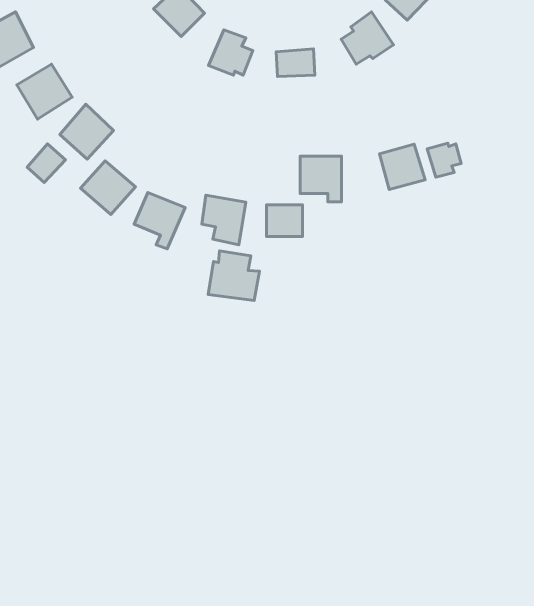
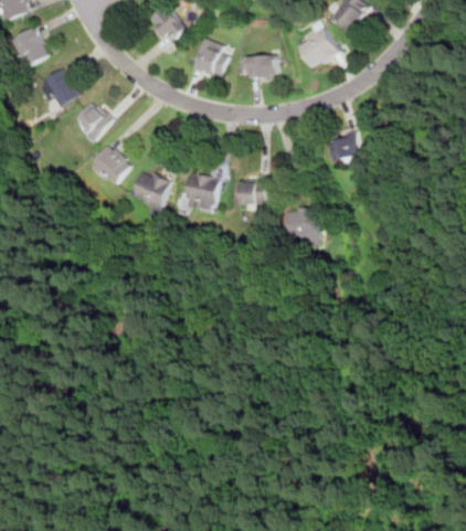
building: [427,143,461,177] -> none
building: [27,144,65,182] -> none
building: [300,156,342,202] -> [286,208,319,244]
building: [208,251,259,301] -> none

